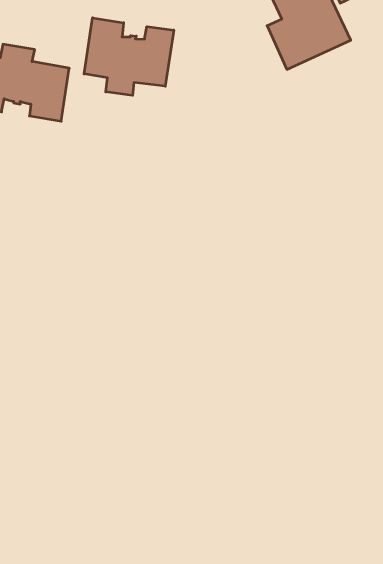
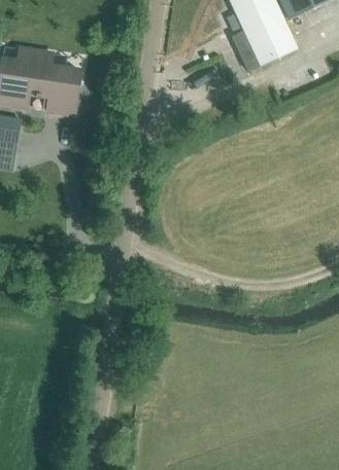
building: [84,18,174,95] -> none

